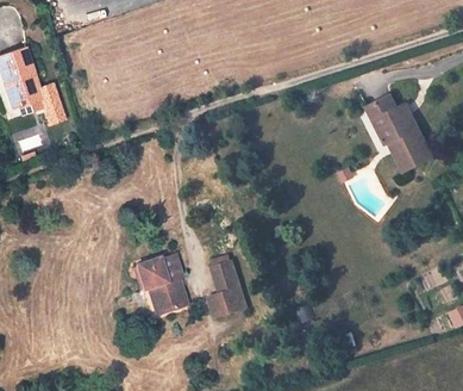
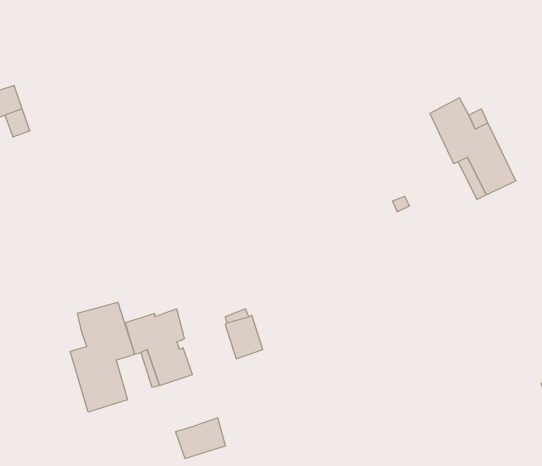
building: none -> [70,302,135,412]
building: [208,286,246,317] -> [176,418,226,458]

